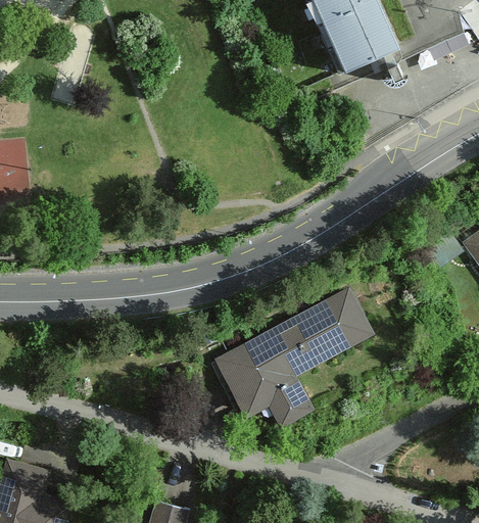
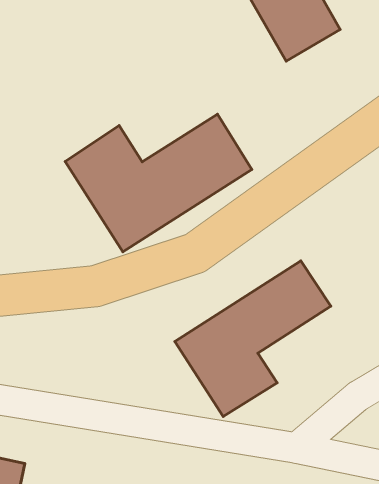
building: none -> [65,114,252,252]

